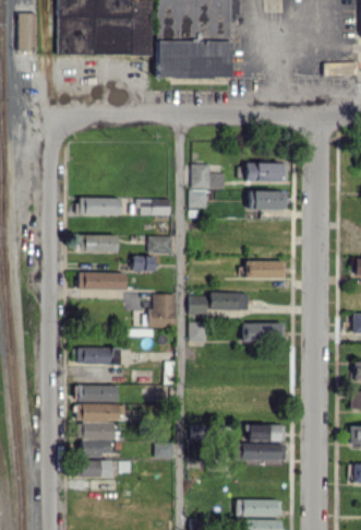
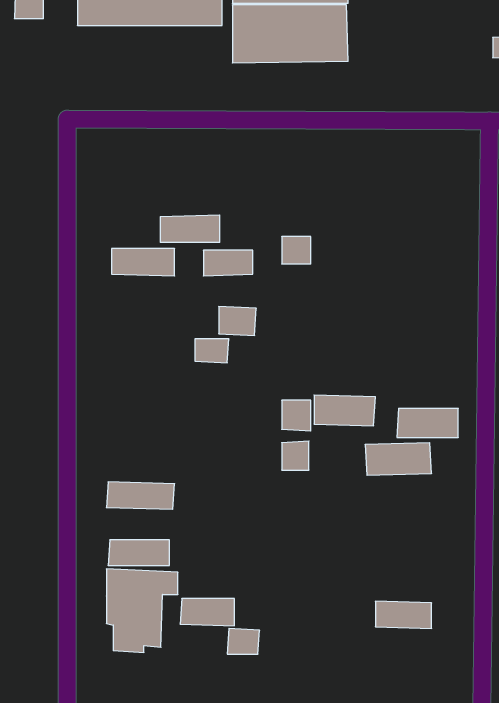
building: [246,163,288,181] -> none
building: [192,164,225,188] -> none
building: [249,190,286,210] -> none
building: [79,234,117,251] -> [160,215,220,242]
building: [245,260,285,279] -> [397,408,458,437]
building: [79,271,125,290] -> none
building: [148,294,176,328] -> none
building: [233,443,286,460] -> none
building: [76,460,111,478] -> [180,599,234,626]

